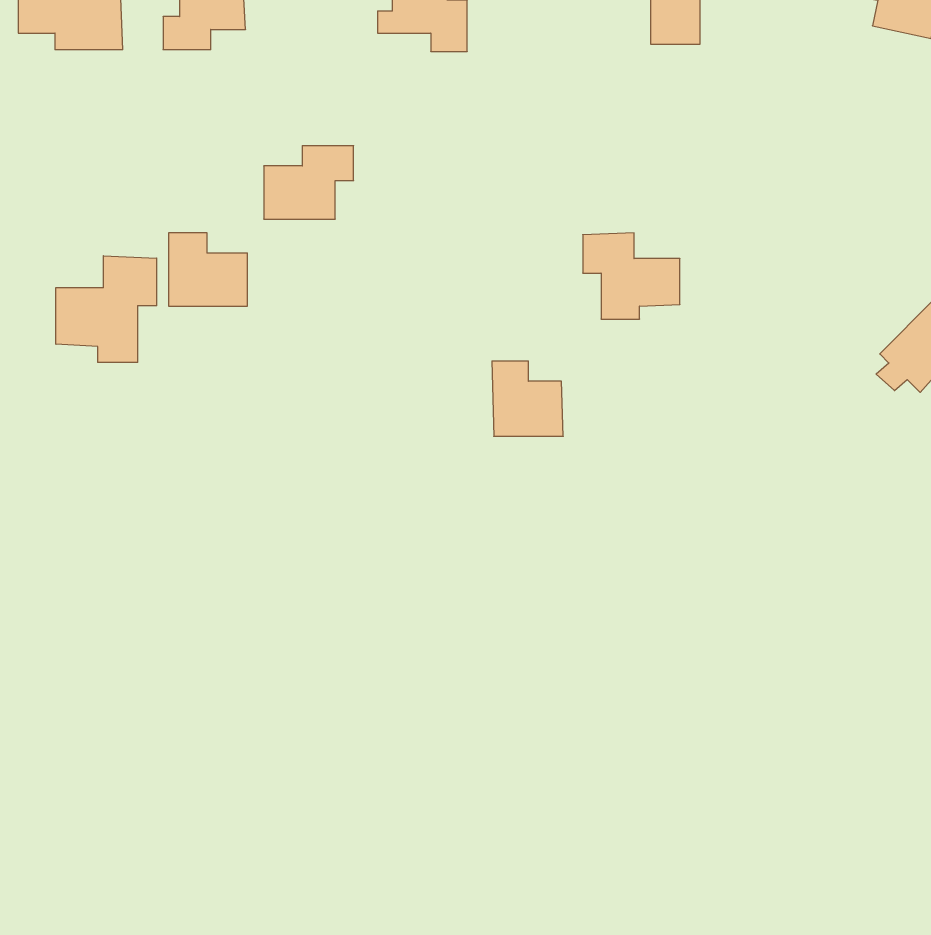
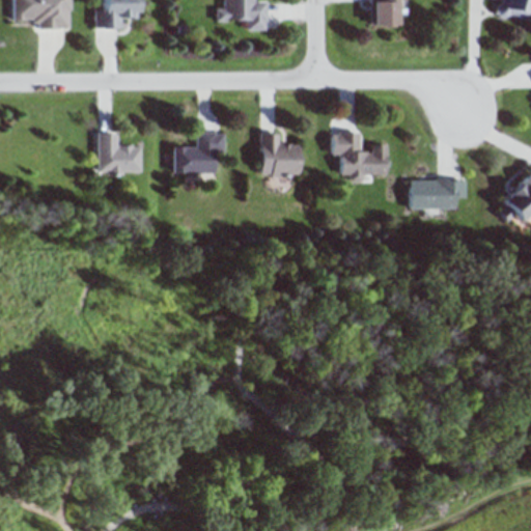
building: [264,146,354,219] -> [175,132,226,173]
building: [56,256,157,362] -> none
building: none -> [411,177,465,208]
building: [492,361,563,436] -> [261,133,302,175]

